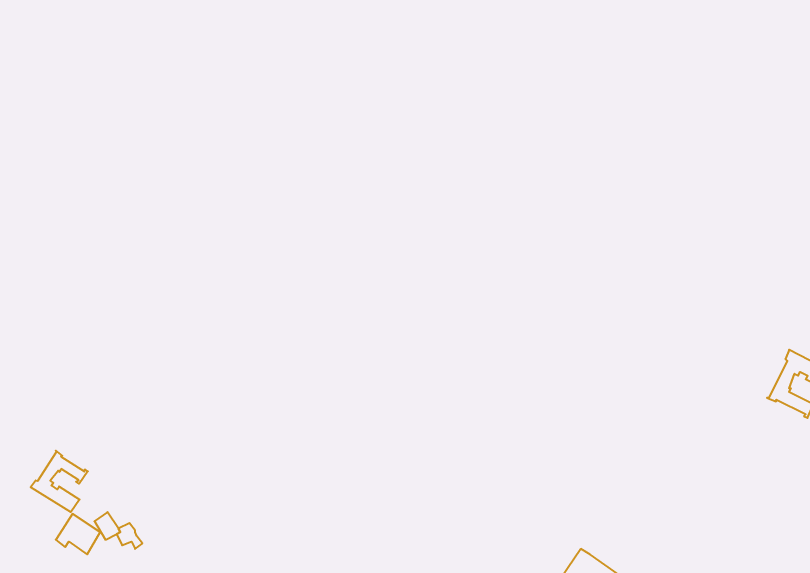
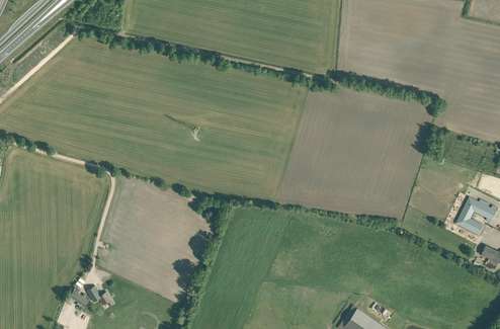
building: [31,451,88,512] -> none

